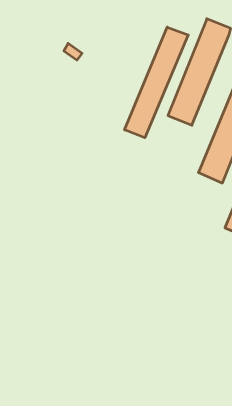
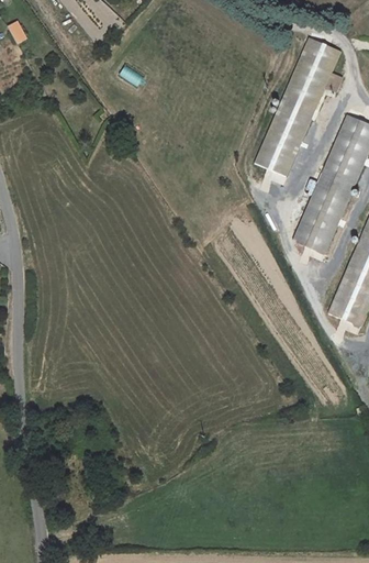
building: [125,27,188,138] -> none

